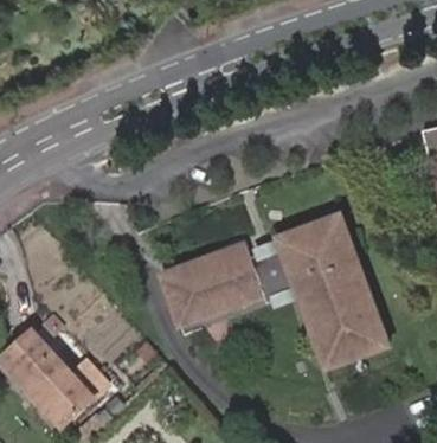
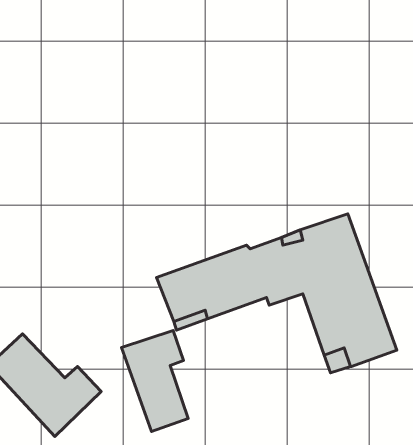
building: none -> [122,331,188,432]

